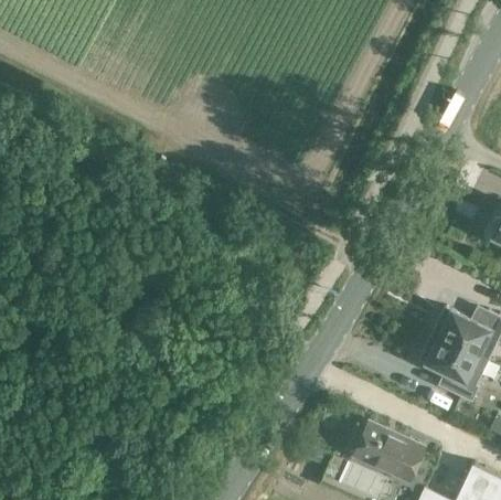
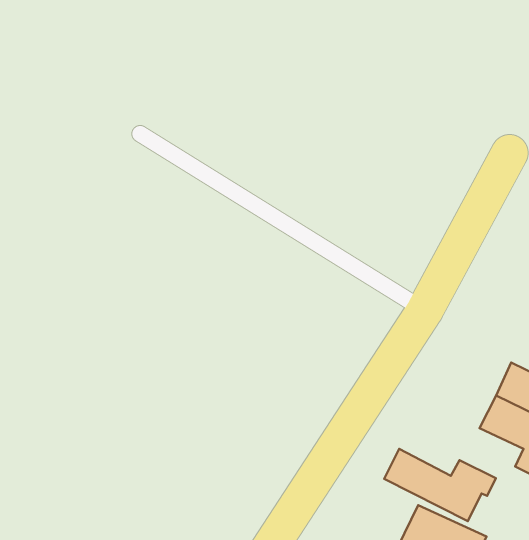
building: none -> [384,449,496,521]

